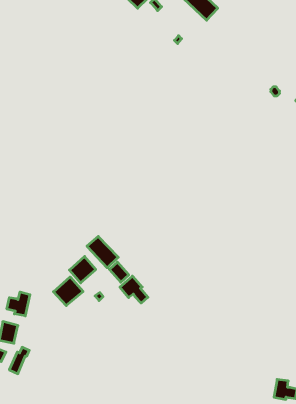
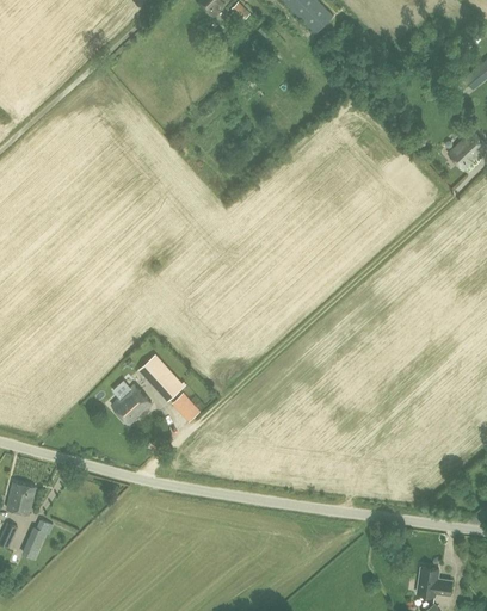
building: [120,276,148,303] -> none
building: [53,277,83,306] -> none
building: [7,292,30,316] -> none

